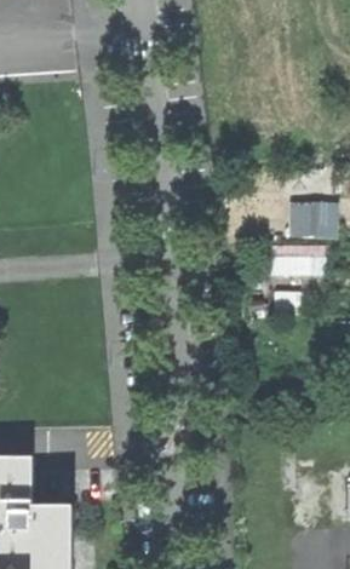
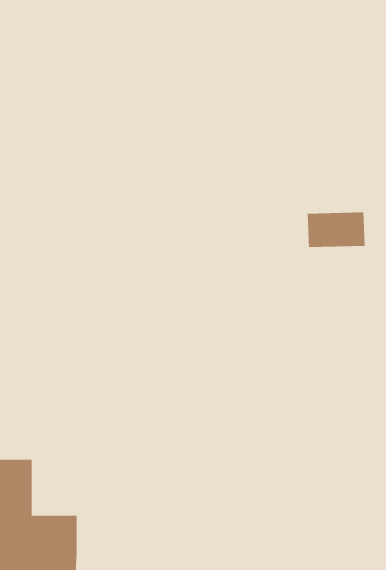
building: [289,197,338,235] -> none

